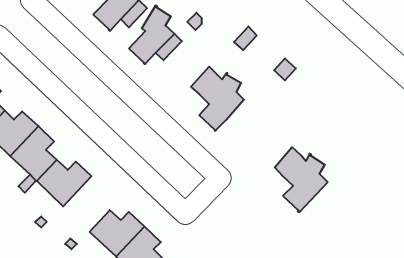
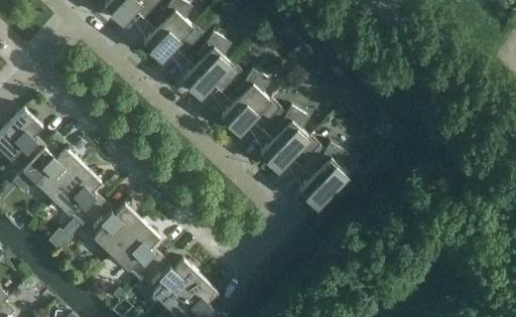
building: none -> [222,70,271,135]
building: [275,147,328,212] -> [290,137,349,208]
building: none -> [110,221,161,283]

